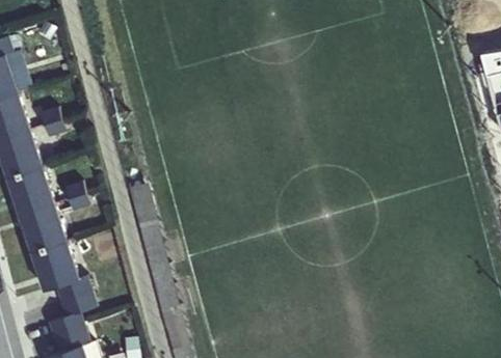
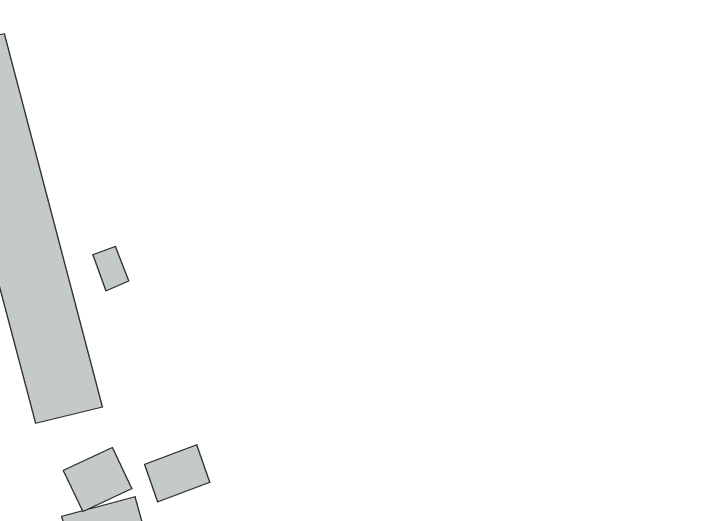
building: [57,277,99,313] -> [145,445,210,502]

